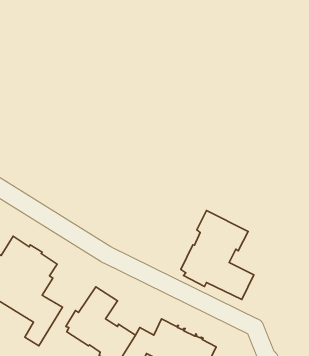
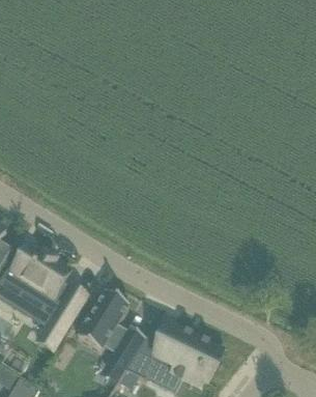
building: [181,210,254,299] -> none

